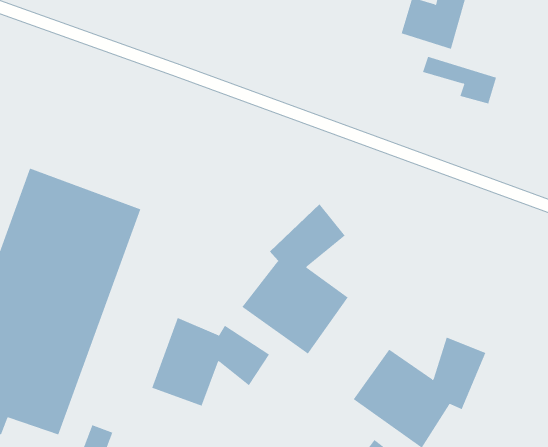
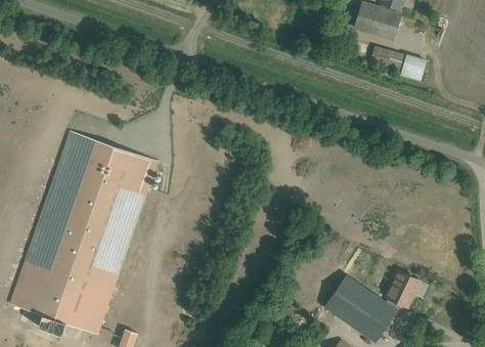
building: [242,203,349,354] -> none
building: [152,317,270,406] -> none

